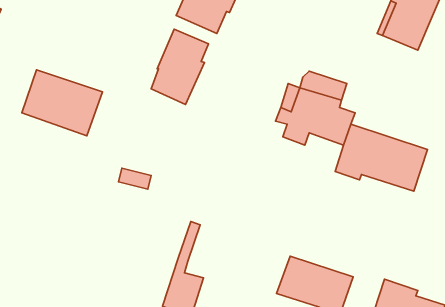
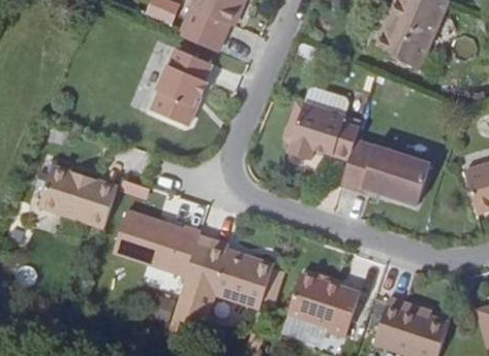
building: [22,70,102,136] -> [36,159,116,224]
building: none -> [111,205,198,273]
building: none -> [189,235,269,309]

